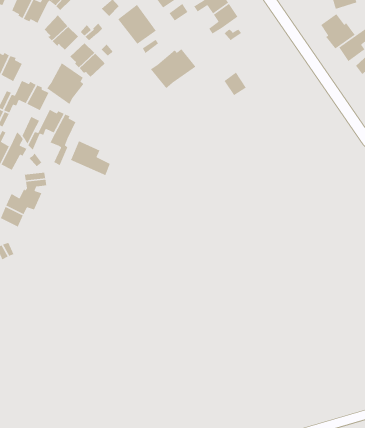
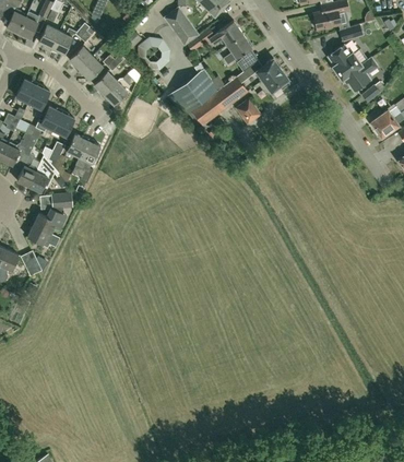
building: none -> [256,58,289,93]
building: none -> [190,78,247,126]
building: [46,62,84,105] -> none
building: [66,140,111,176] -> none

